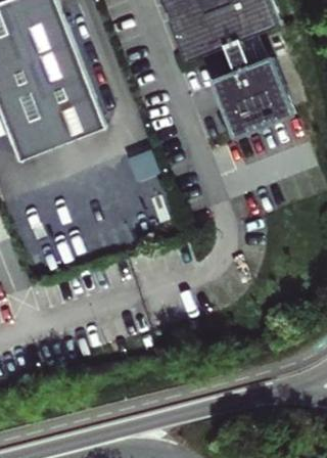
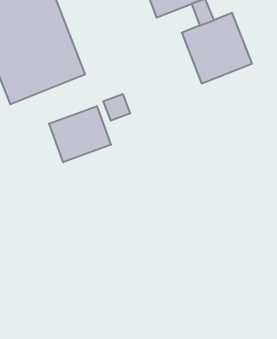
building: none -> [49,106,111,162]

